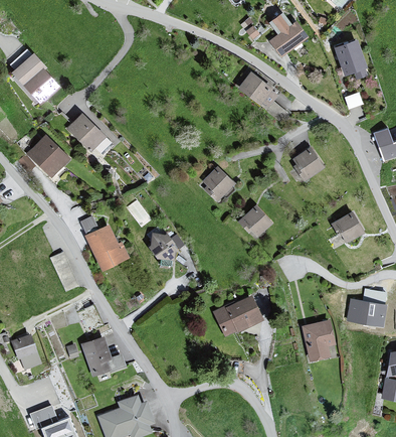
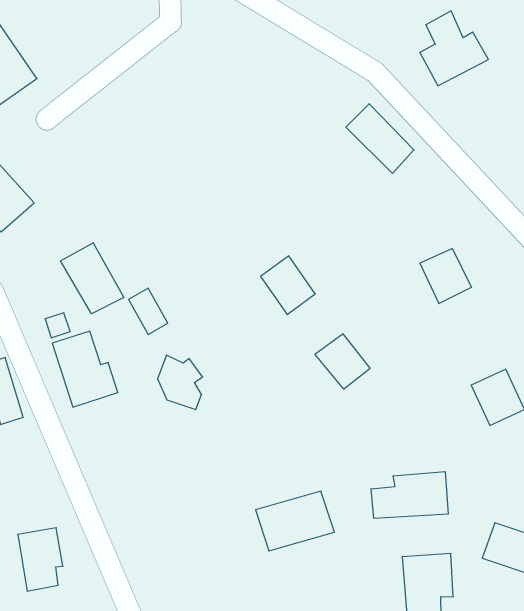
building: [70,114,106,149] -> none
building: none -> [61,243,124,314]
building: none -> [371,472,448,518]

